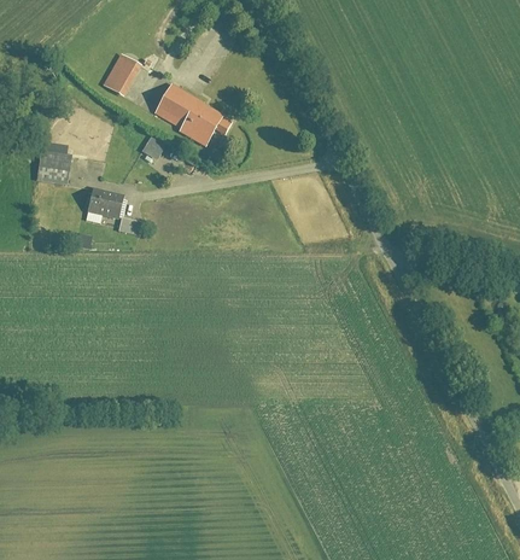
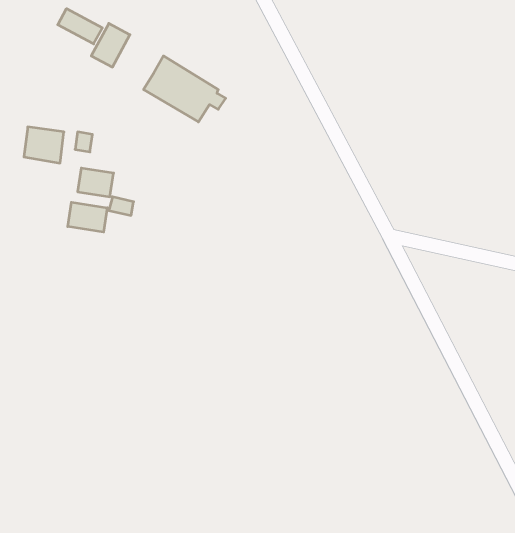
building: none -> [58,9,102,44]
building: none -> [68,202,107,232]

